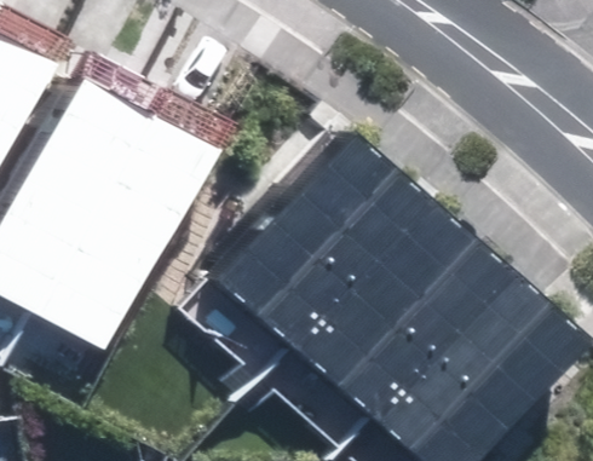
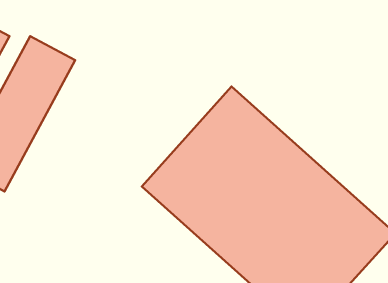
building: [17,94,185,322] -> none

